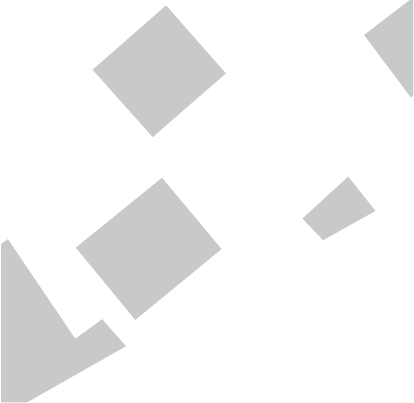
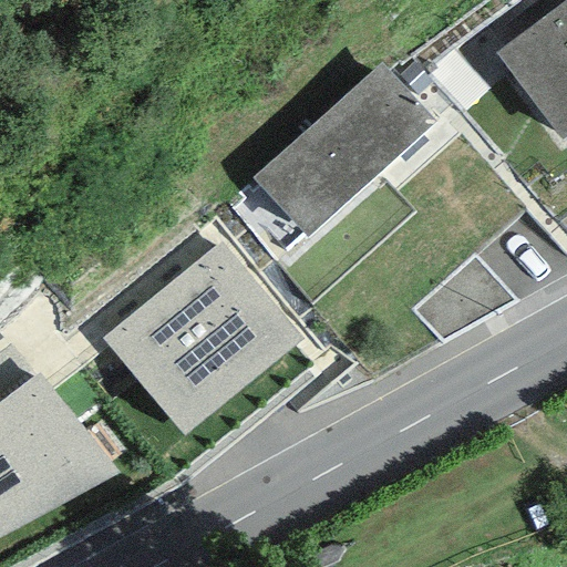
building: [92,4,227,138] -> none
building: none -> [251,60,434,234]

